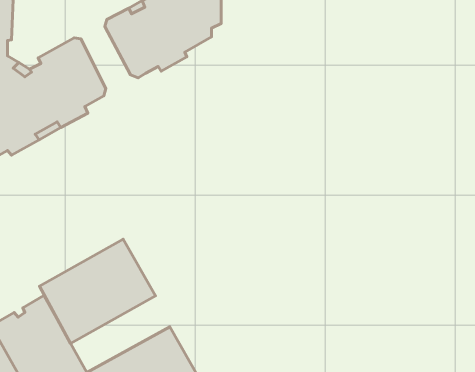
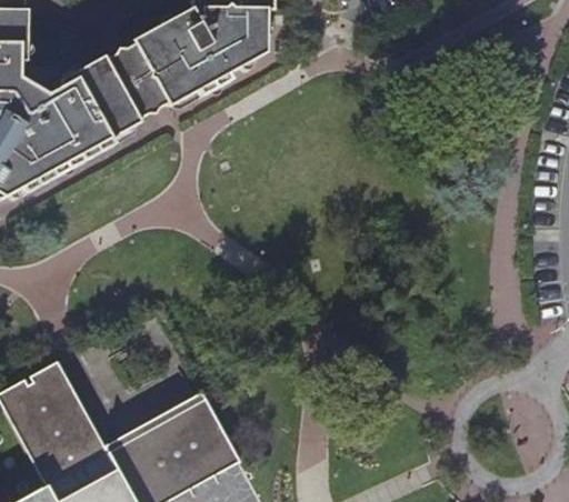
building: none -> [100,49,158,121]
building: [39,239,156,343] -> none

